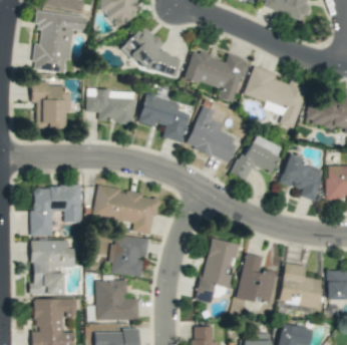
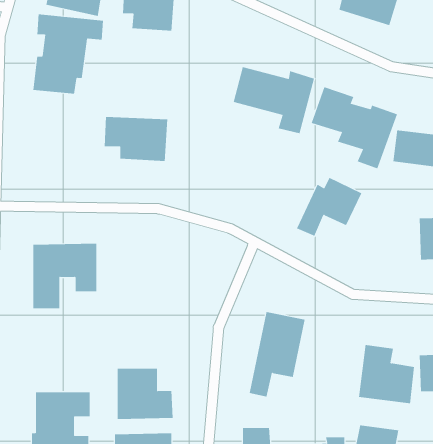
building: [124,27,181,73] -> none
building: [31,82,71,129] -> none
building: [139,95,188,141] -> none
building: [186,105,237,162] -> none
building: [279,155,325,202] -> none
building: [92,185,158,235] -> none
building: [109,235,149,277] -> none
building: [30,240,75,295] -> none
building: [238,253,276,304] -> none

